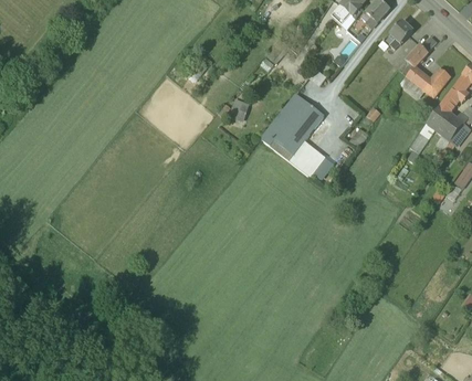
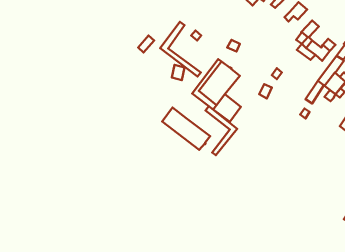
building: none -> [160,22,201,77]
building: none -> [205,106,237,155]
building: none -> [162,108,210,150]

